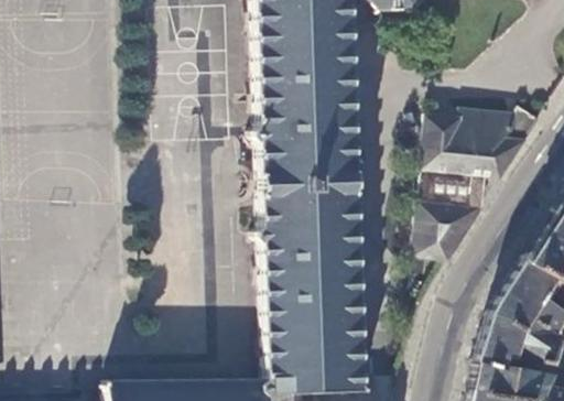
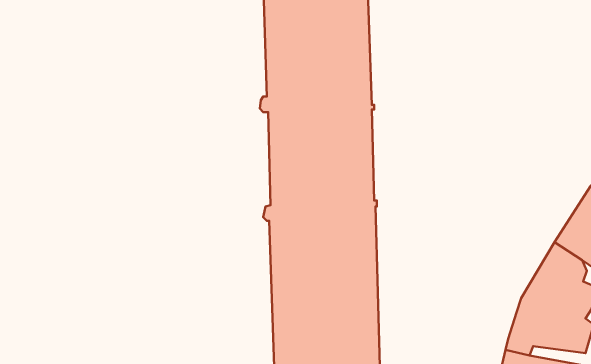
building: [419,109,547,263] -> none

